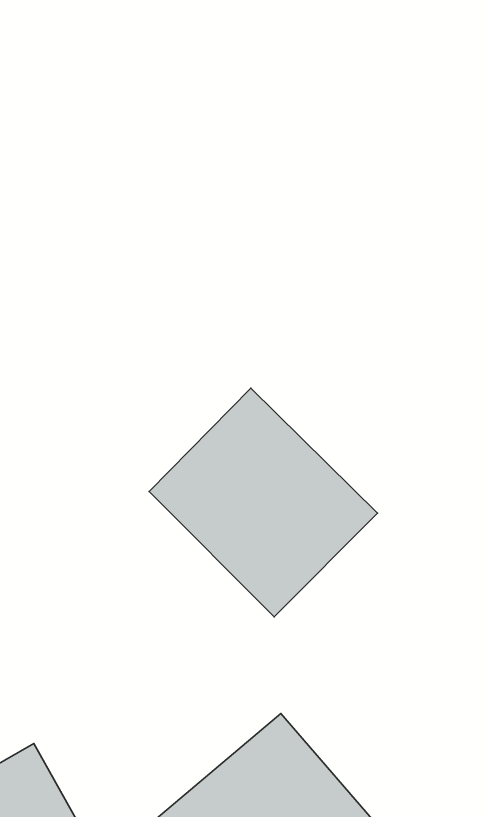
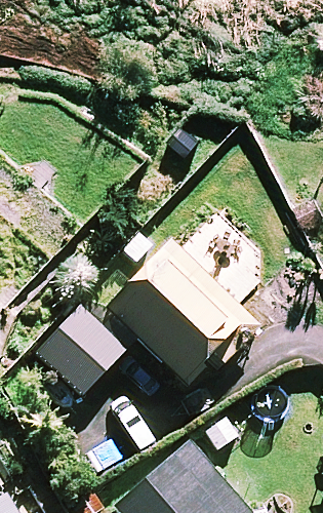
building: none -> [36,305,125,394]

